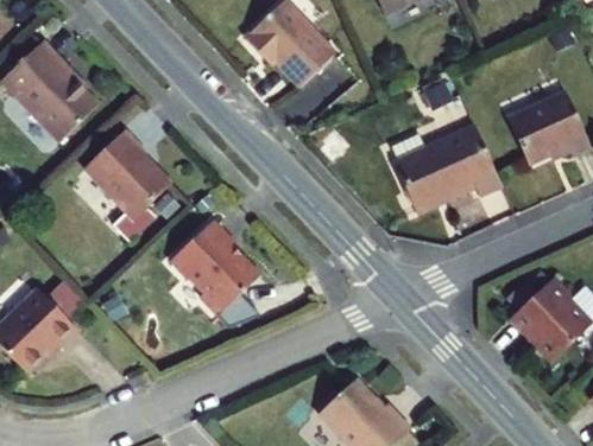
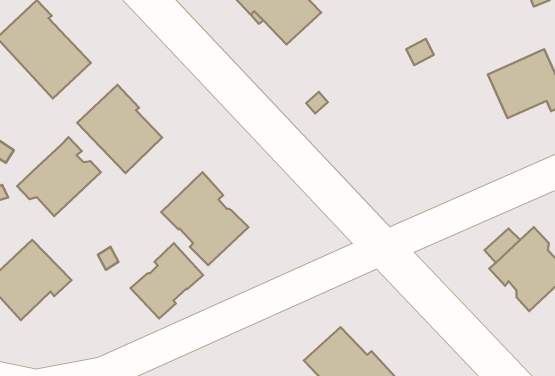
building: [392,125,501,212] -> none
building: none -> [17,137,101,216]
building: none -> [131,243,203,319]

